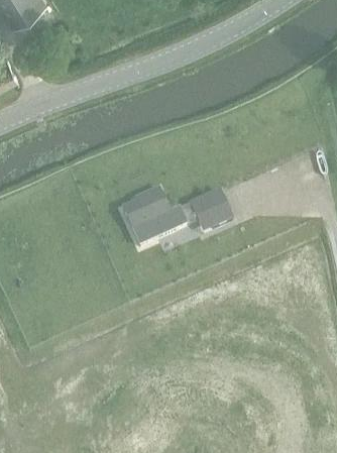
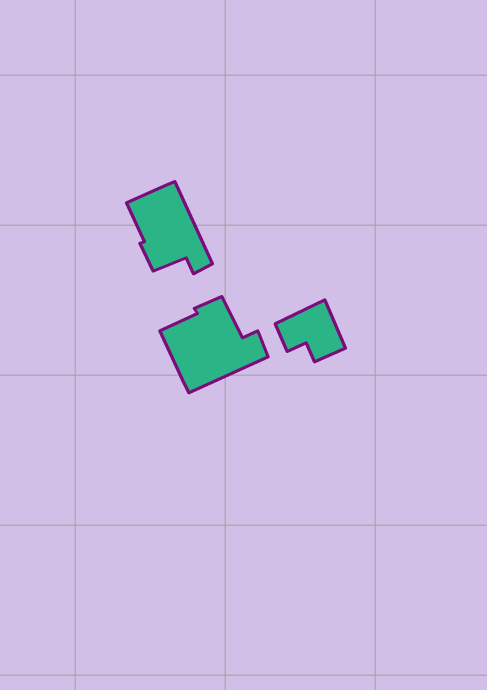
building: none -> [127,182,212,274]

